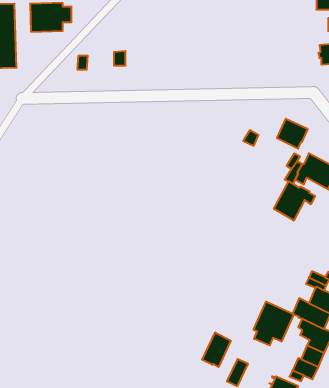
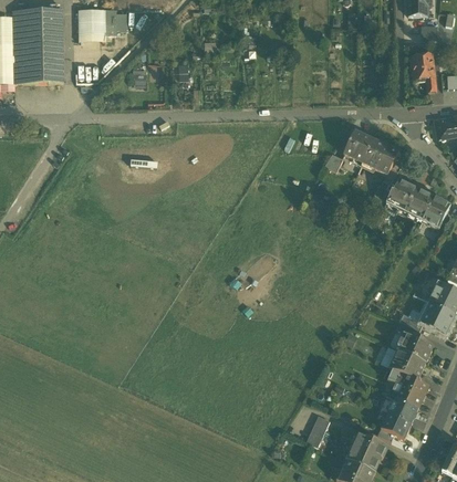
building: none -> [344,130,373,161]
building: [274,181,315,221] -> none
building: [253,302,294,345] -> none
building: [202,332,231,367] -> none

